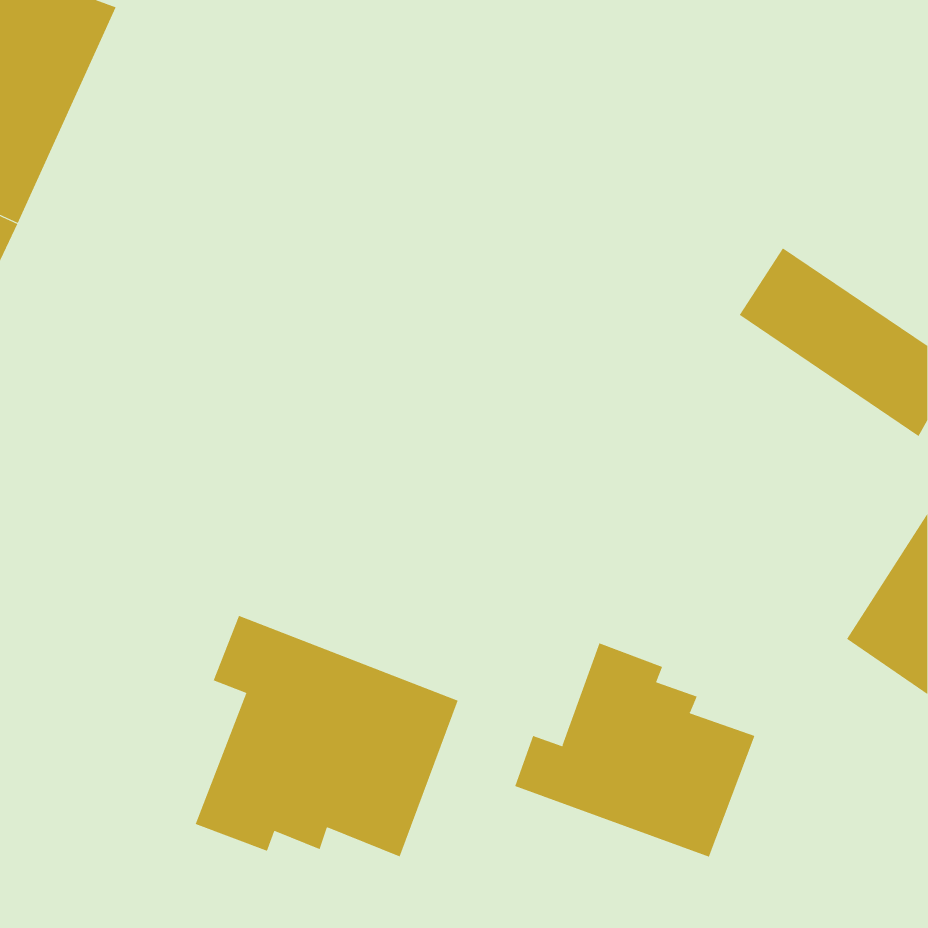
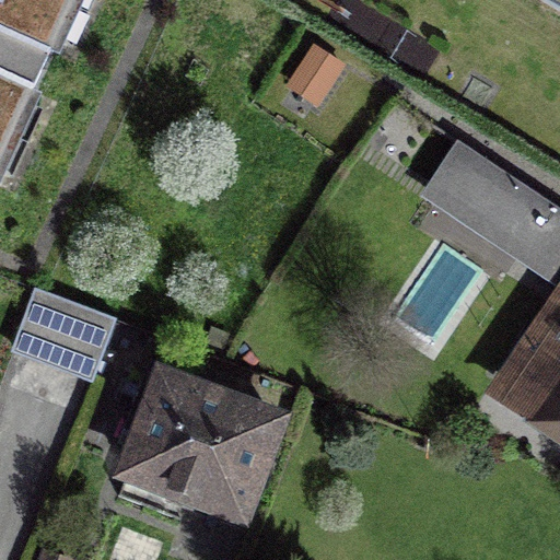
building: none -> [12,288,116,376]
building: [514,642,755,857] -> none

